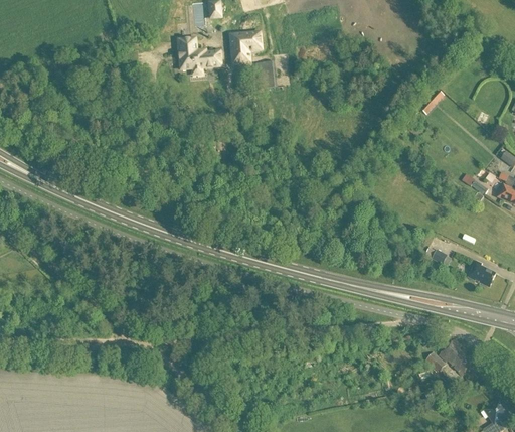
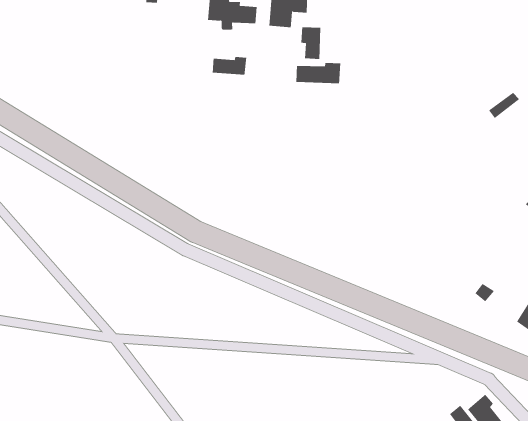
building: none -> [296,62,341,84]
building: none -> [212,56,247,76]

